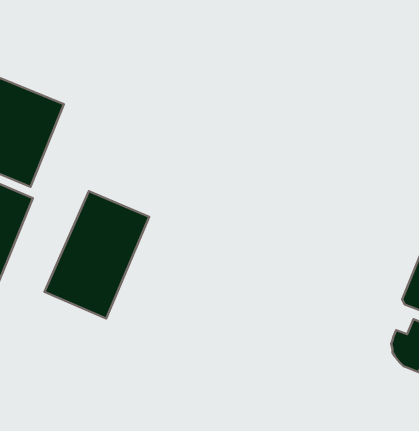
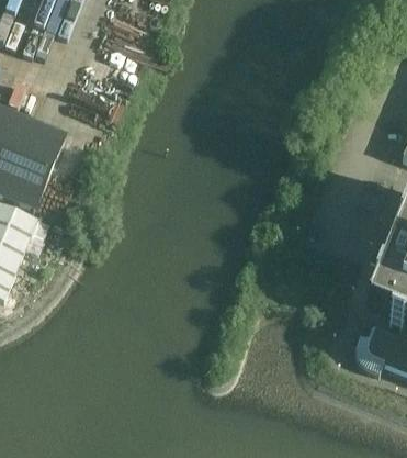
building: [45,191,149,318] -> none

